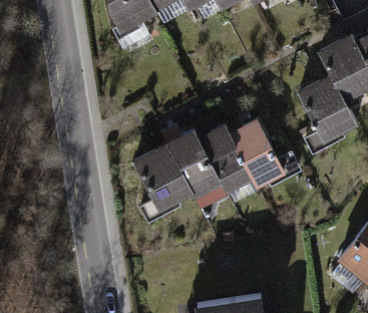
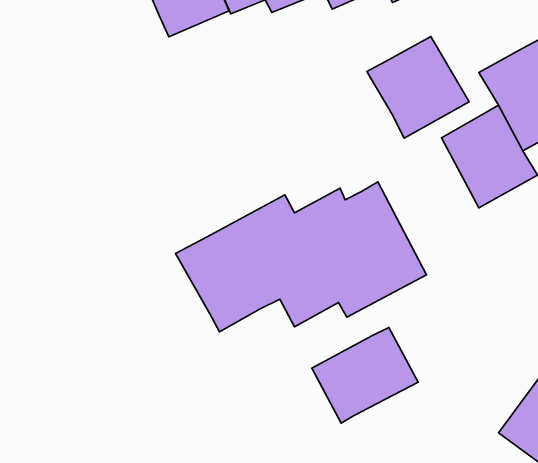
building: none -> [367,36,469,138]
building: none -> [312,327,418,423]

